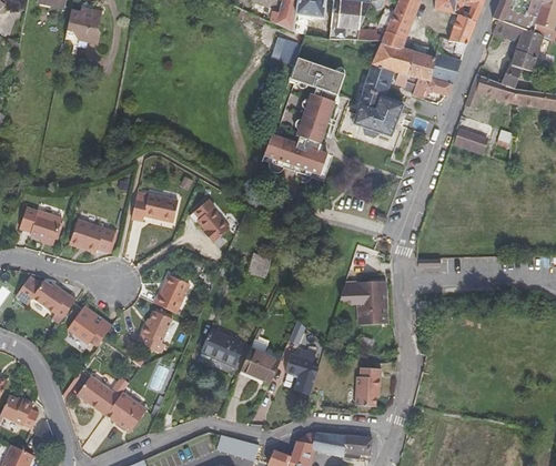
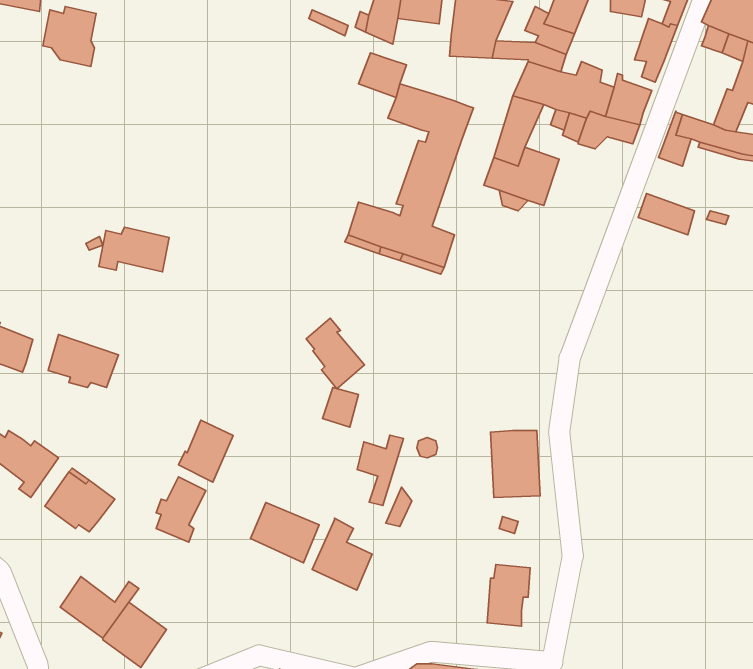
building: [132,193,178,222] -> [99,227,169,272]
building: [193,197,231,243] -> [306,318,364,389]
building: [286,347,316,393] -> [357,435,403,505]

